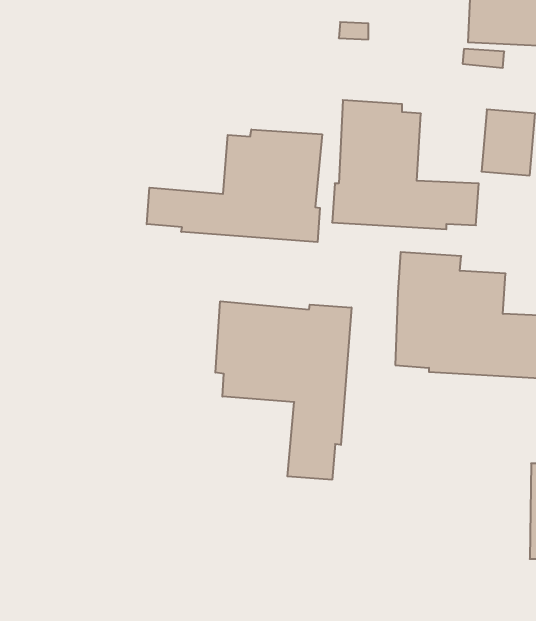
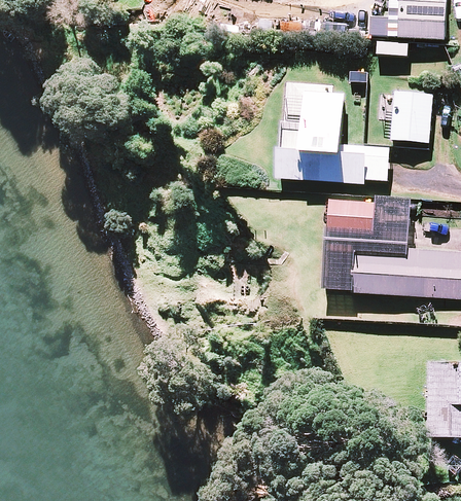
building: [147,129,322,242] -> none
building: [215,301,351,480] -> none

